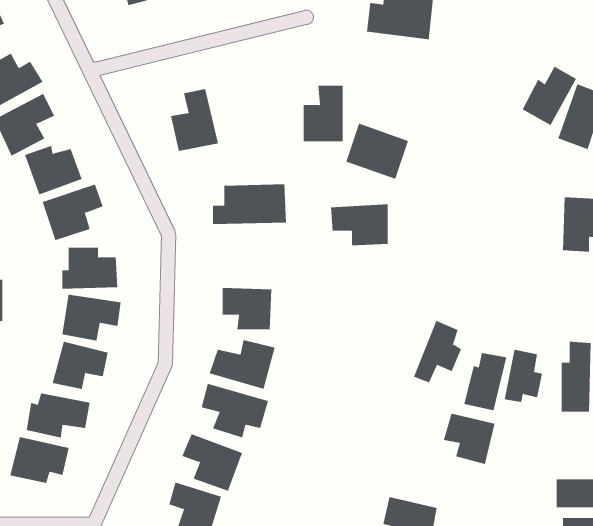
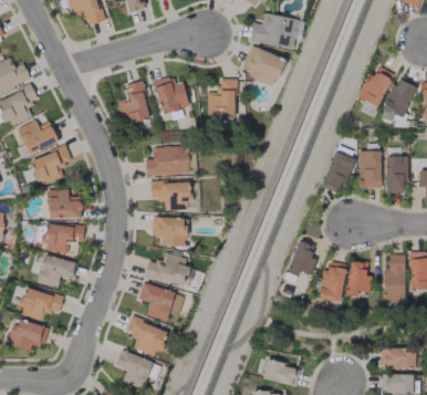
building: none -> [153,76,189,115]
building: [346,123,409,180] -> [241,46,284,85]
building: none -> [358,150,381,188]
building: none -> [322,153,352,194]
building: [330,204,388,246] -> [150,181,190,210]
building: [443,413,495,465] -> none

